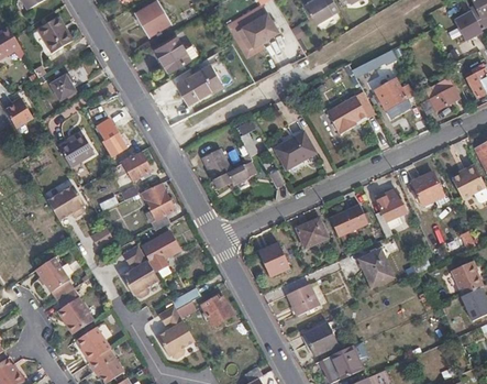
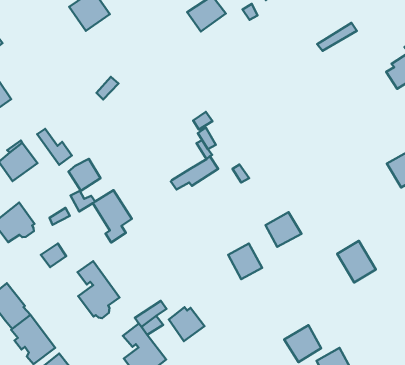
building: [155,34,190,69] -> none
building: [176,63,222,102] -> none
building: [374,78,411,108] -> none
building: [326,91,376,134] -> none
building: [275,132,314,169] -> none
building: [202,149,232,178] -> none
building: [375,188,406,237] -> none
building: [330,204,370,235] -> none
building: [142,231,179,271] -> none
building: [281,285,312,317] -> none

